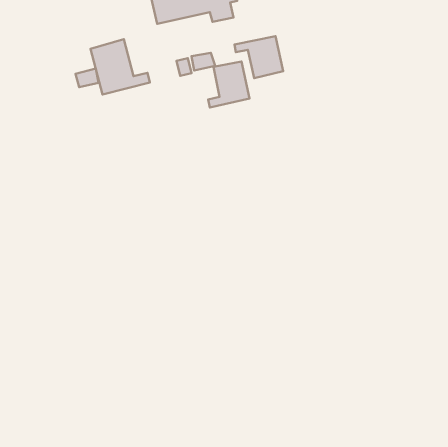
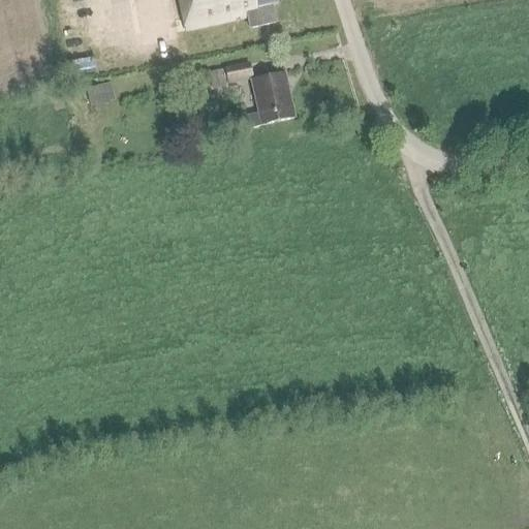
building: [234,36,283,78] -> none
building: [91,39,150,95] -> none

